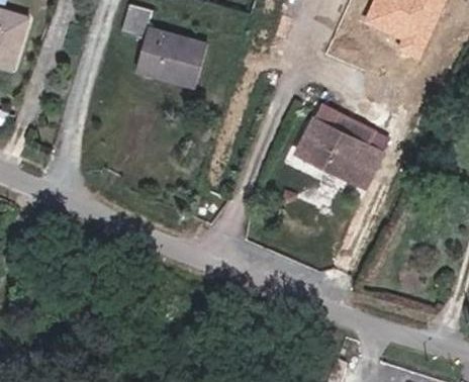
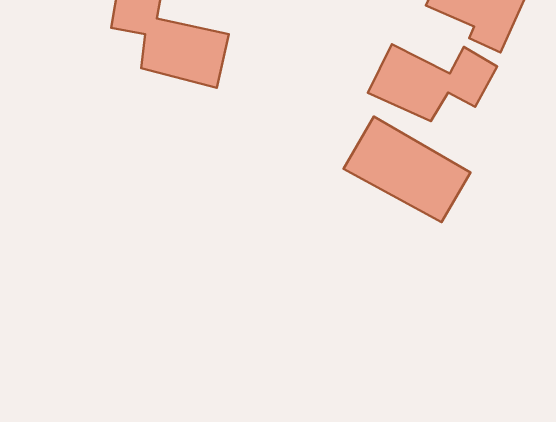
building: none -> [368,44,497,121]

